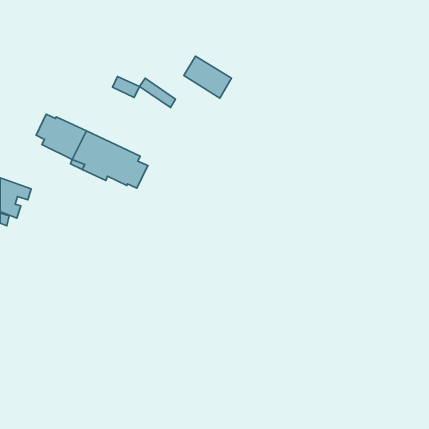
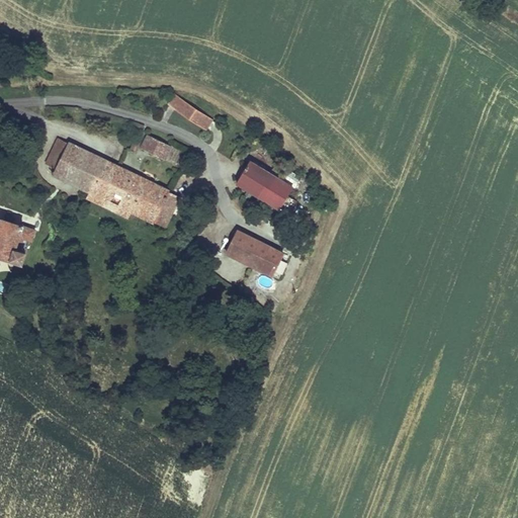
building: [184,56,232,98] -> [235,159,292,209]
building: [112,76,139,97] -> [140,135,172,160]
building: none -> [224,230,282,276]

